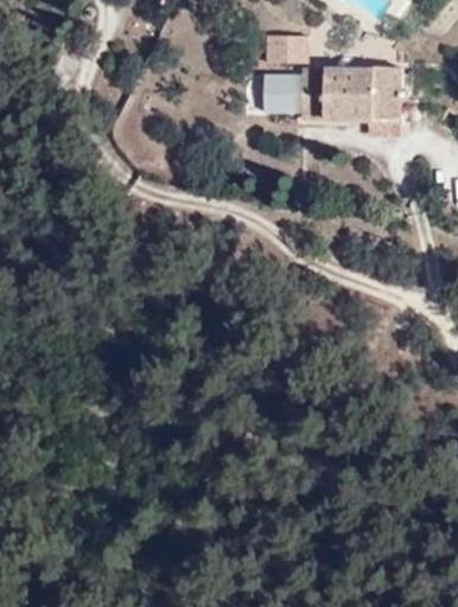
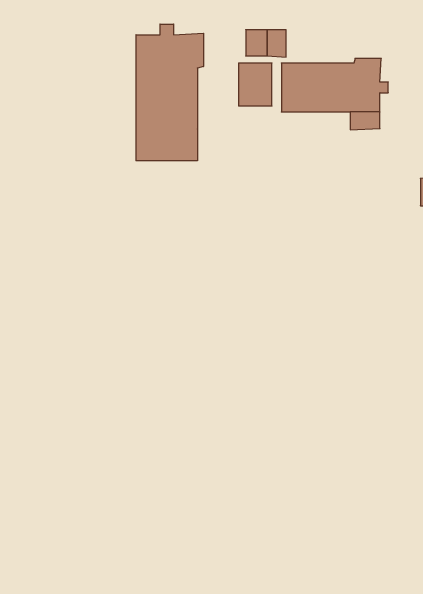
building: none -> [136,24,203,161]

